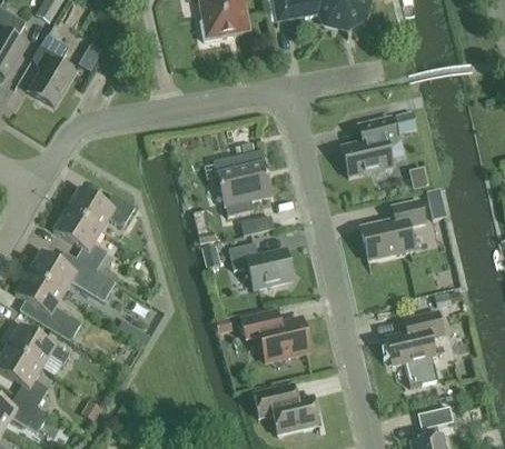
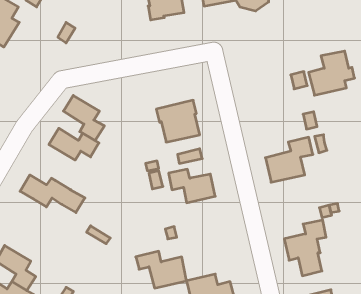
building: [29,36,76,107] -> none
building: [341,117,404,177] -> [309,51,355,95]
building: [53,209,109,270] -> [63,95,104,141]
building: [16,272,81,340] -> none
building: [240,310,309,360] -> [136,251,187,288]
building: [7,323,69,367] -> none

